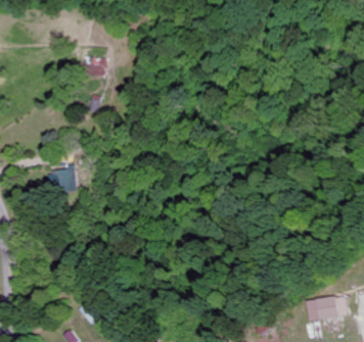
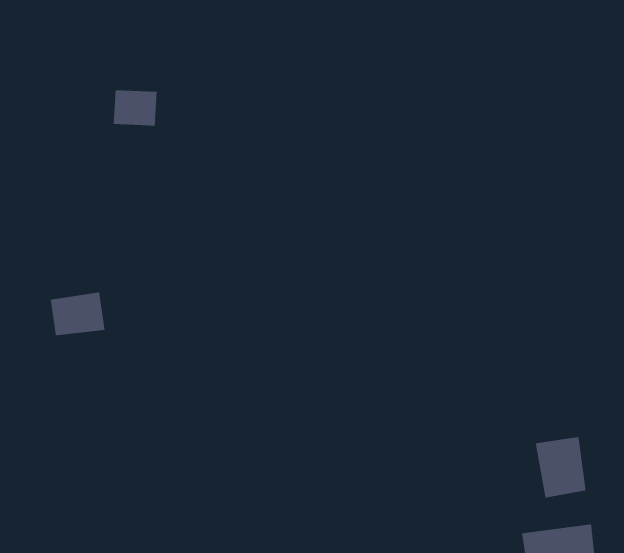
building: none -> [535,436,586,498]

